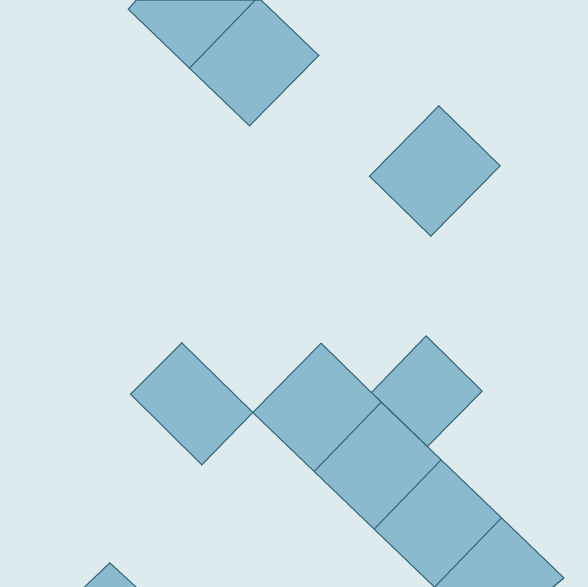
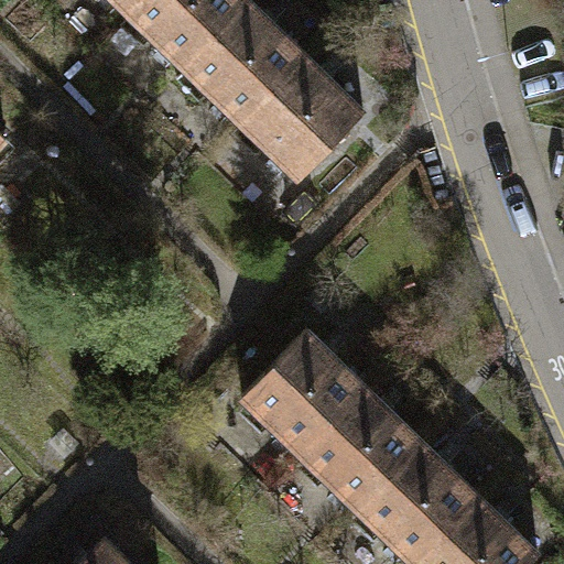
building: [369,106,500,236] -> [238,56,362,181]
building: [372,336,482,447] -> none
building: [130,343,253,465] -> none

